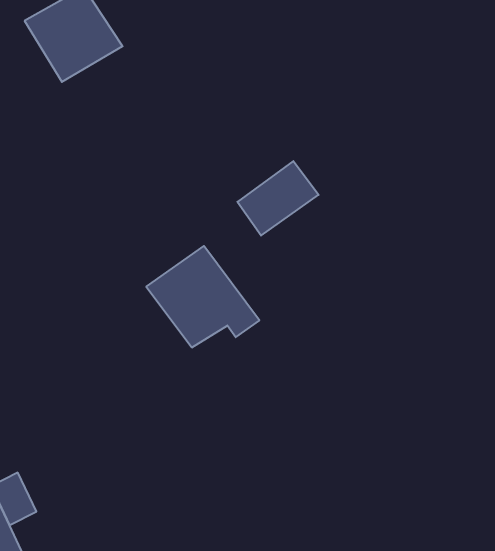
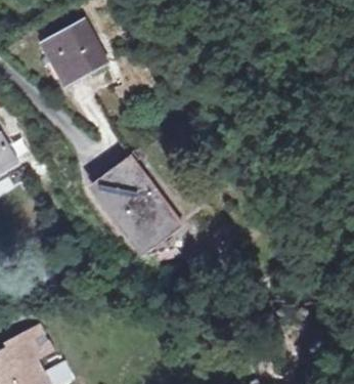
building: [237,161,319,236] -> [104,162,153,207]

